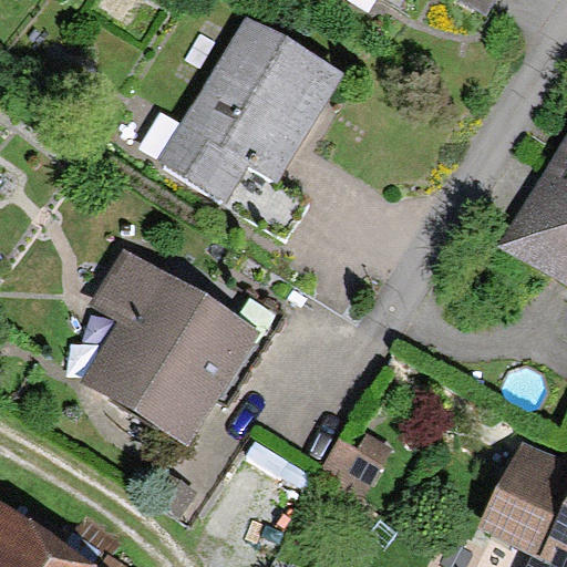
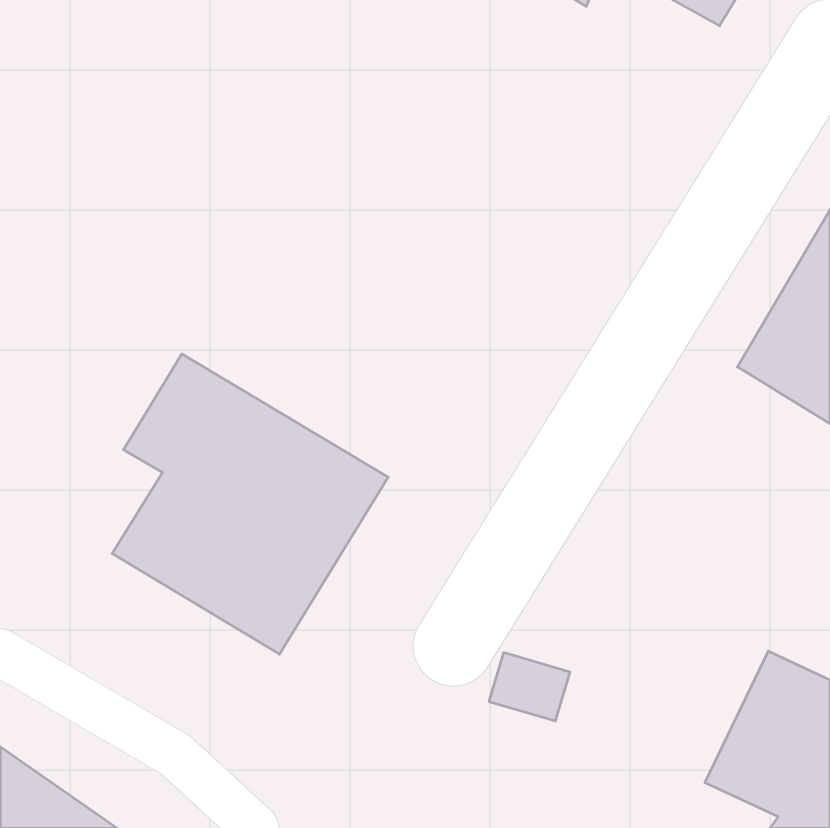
building: [158,14,341,200] -> none

